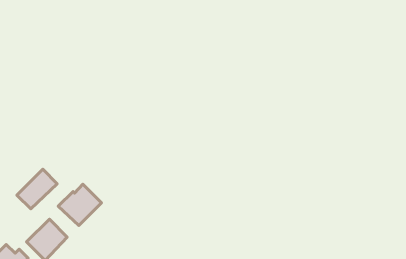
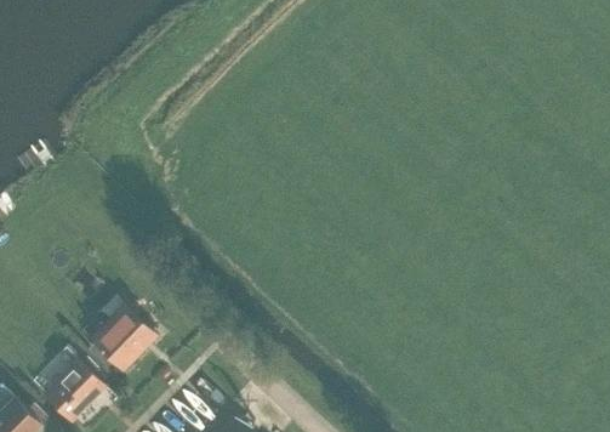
building: [17,169,57,209] -> none

